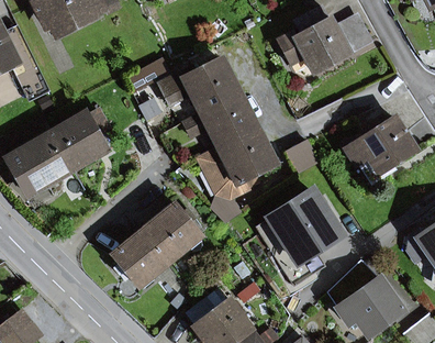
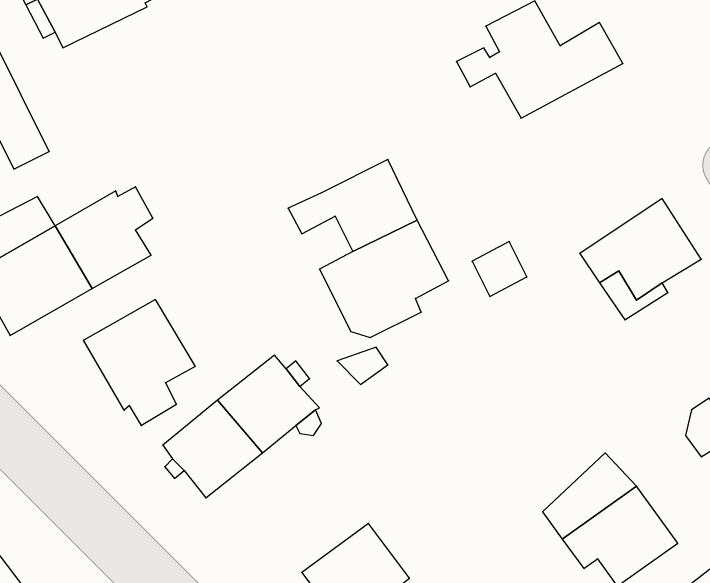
building: [158,58,239,112] -> none
building: none -> [84,300,195,426]
building: [256,190,339,285] -> none

